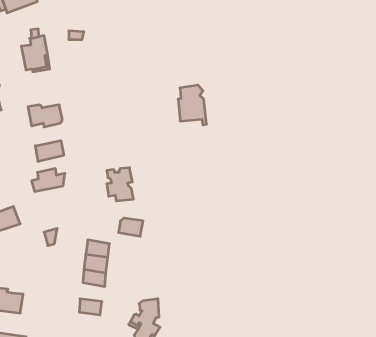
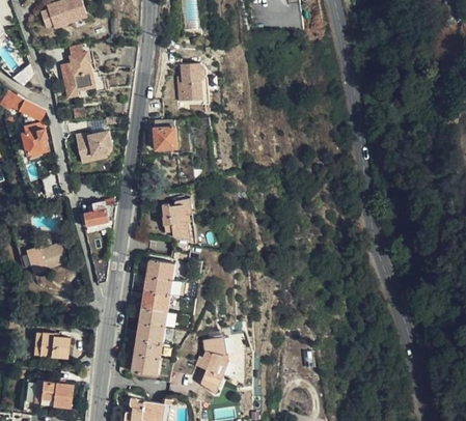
building: [178,85,207,125] -> [175,60,207,104]
building: none -> [154,118,176,149]
building: [35,141,64,162] -> none
building: [118,218,143,236] -> [143,262,170,282]
building: none -> [135,325,162,345]
building: none -> [132,357,157,377]

